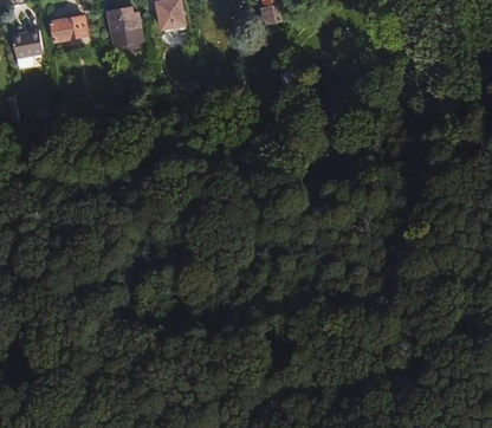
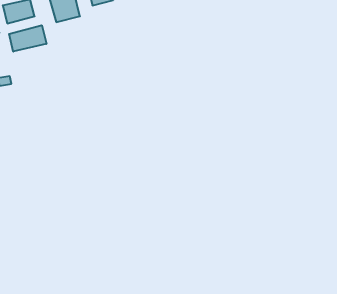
building: none -> [9,25,46,52]

